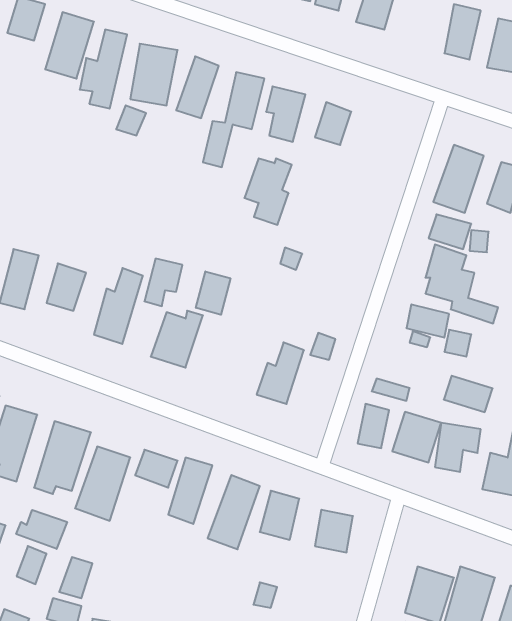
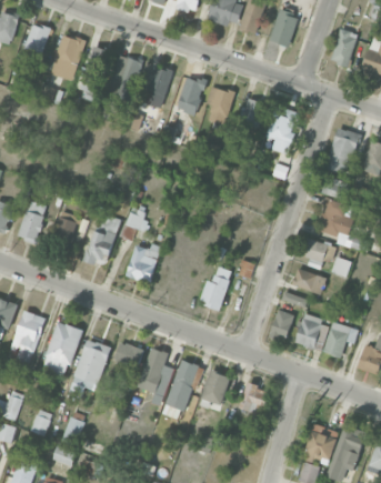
building: [244,158,292,225] -> [264,108,298,154]
building: [196,271,230,315] -> none
building: [444,376,493,412] -> [291,268,325,293]
building: [16,510,67,549] -> none

